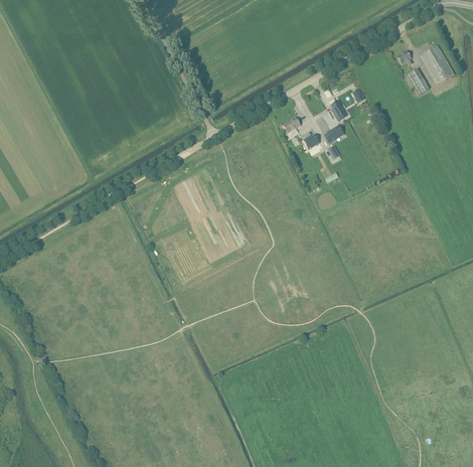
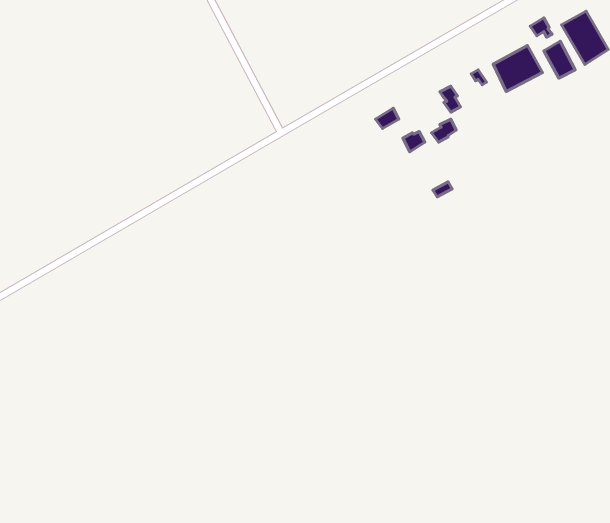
building: none -> [493,46,542,92]

